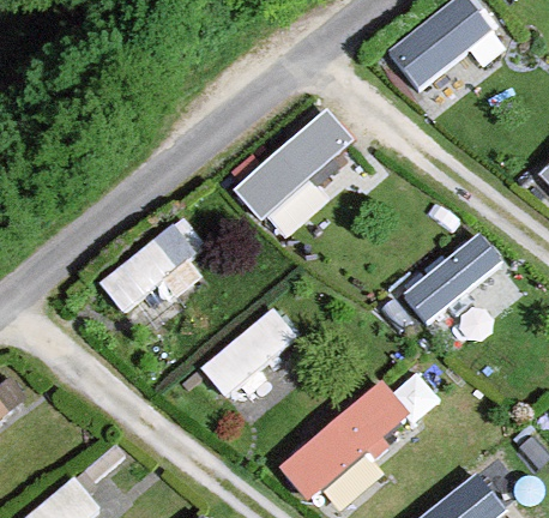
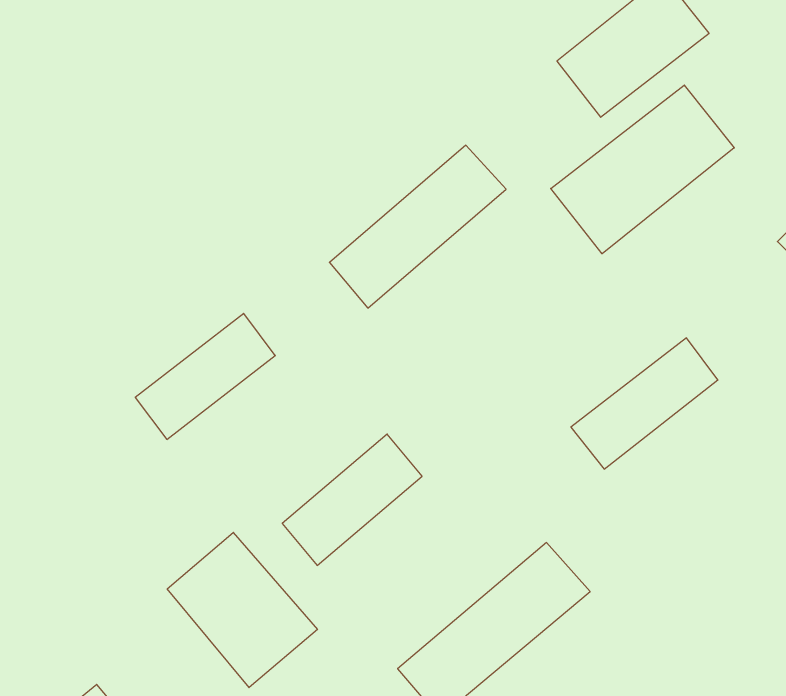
building: none -> [551,85,734,254]
building: none -> [167,532,317,688]

